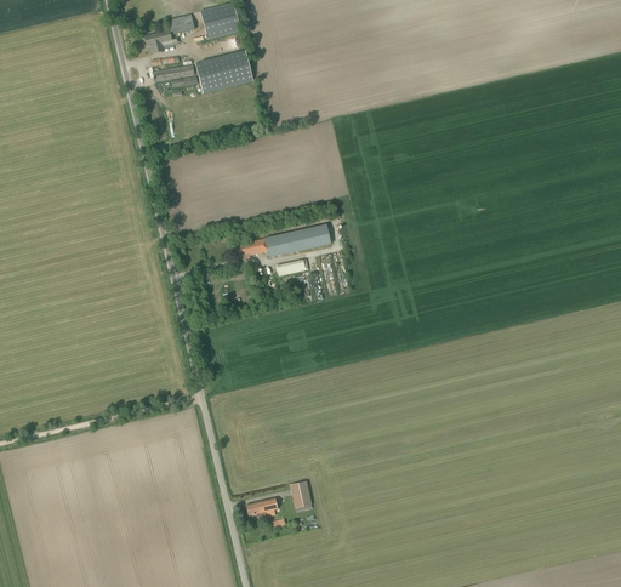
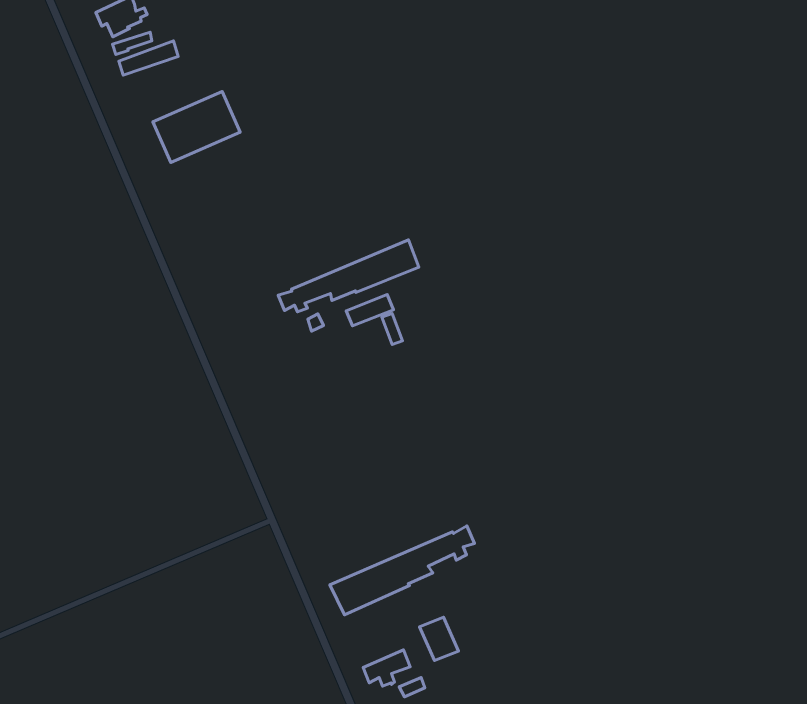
building: [195,51,252,92] -> [153,92,240,162]
building: none -> [330,526,474,615]

